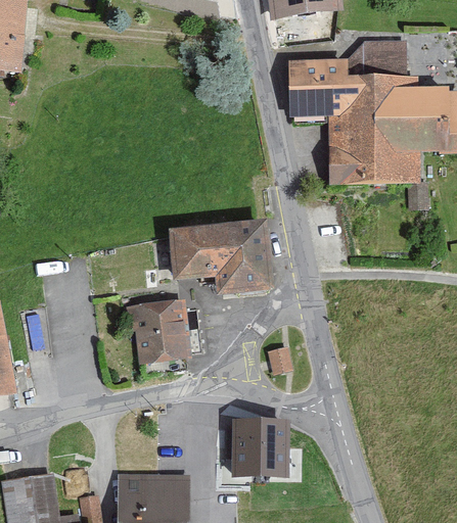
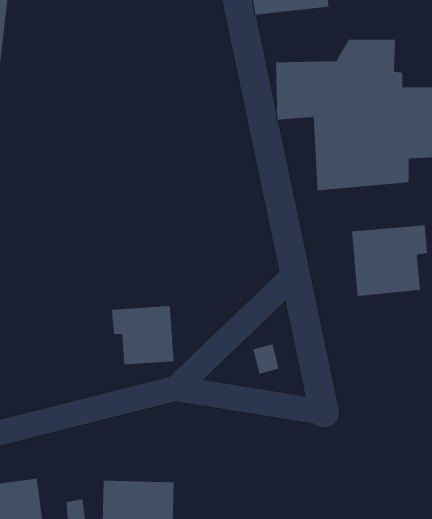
building: none -> [352,224,427,297]
building: [168,223,272,298] -> none
building: [229,424,288,481] -> none

